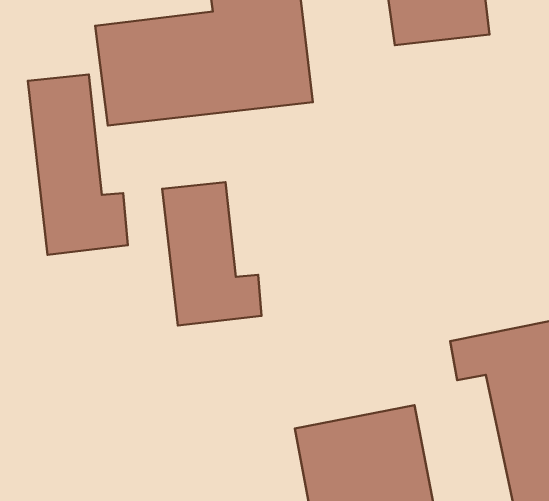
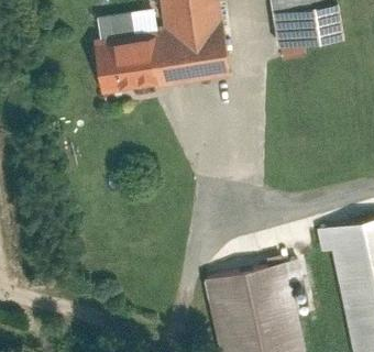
building: [28,75,128,255] -> none
building: [162,182,262,325] -> none

